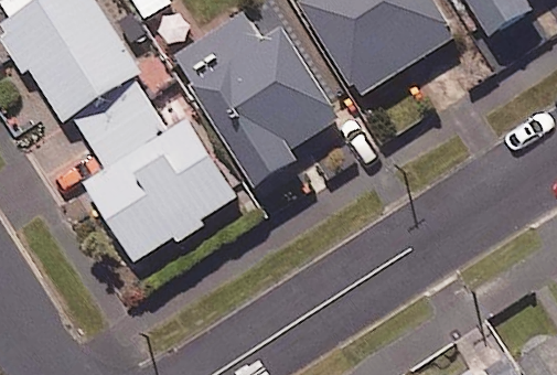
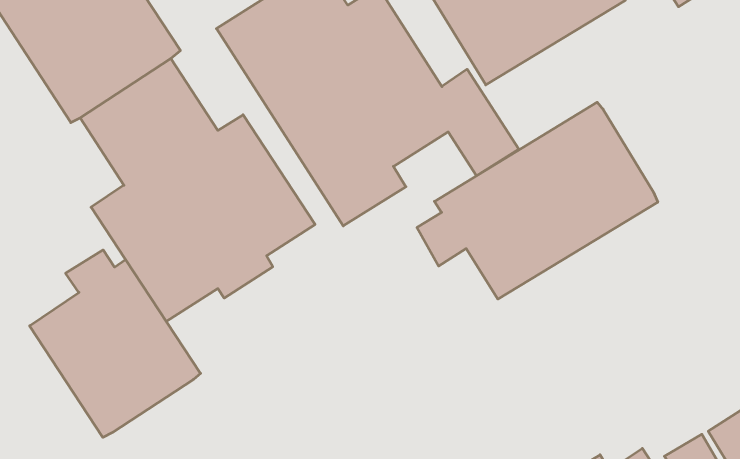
building: none -> [417,102,658,299]
building: none -> [30,250,201,437]

